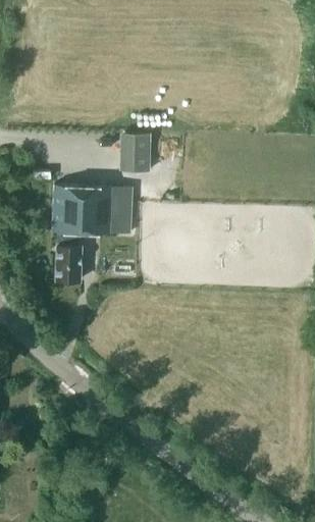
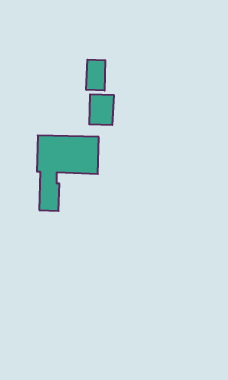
building: none -> [86,60,105,91]

